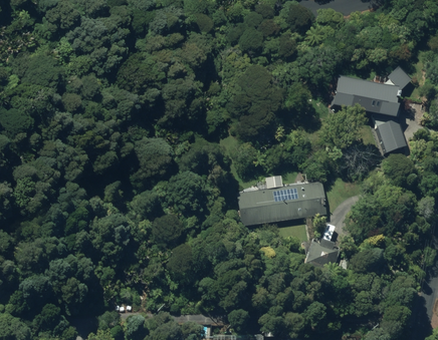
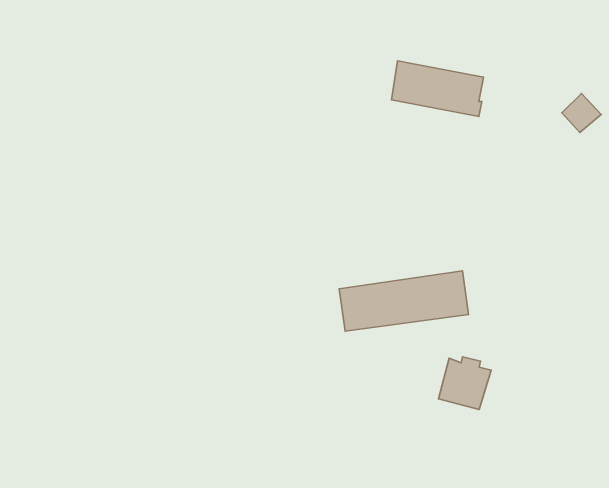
building: [336,78,397,115] -> [392,61,483,116]
building: [379,119,407,151] -> none

